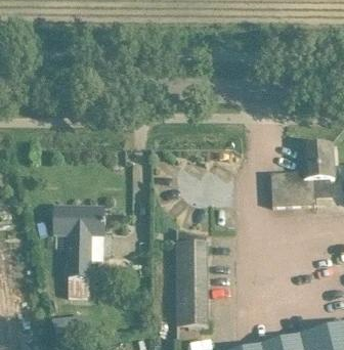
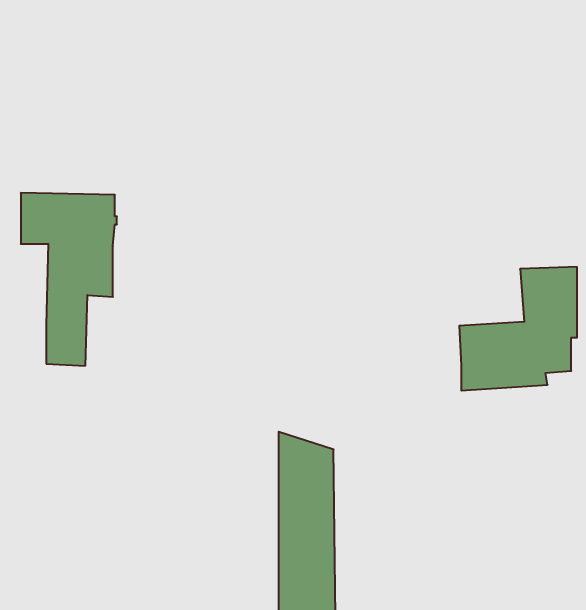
building: [54,207,104,297] -> [21,193,117,366]

